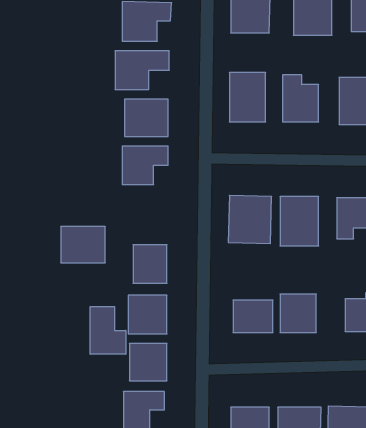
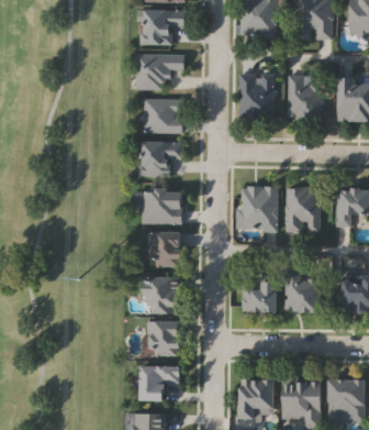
building: [61,227,105,263] -> [142,188,182,221]
building: [90,307,126,354] -> none

